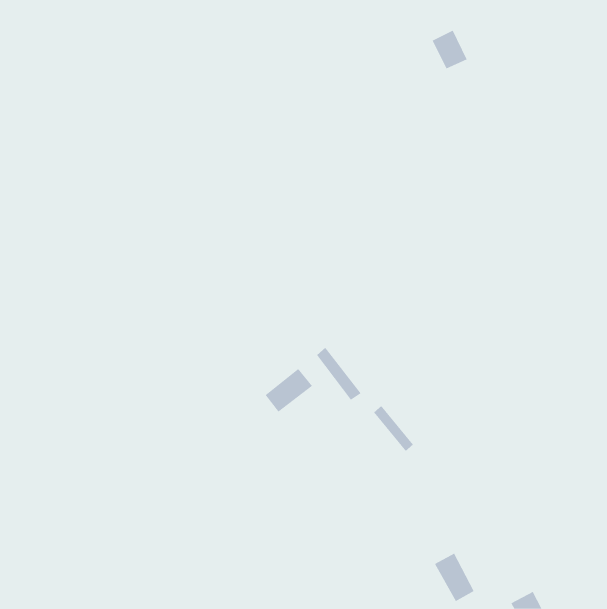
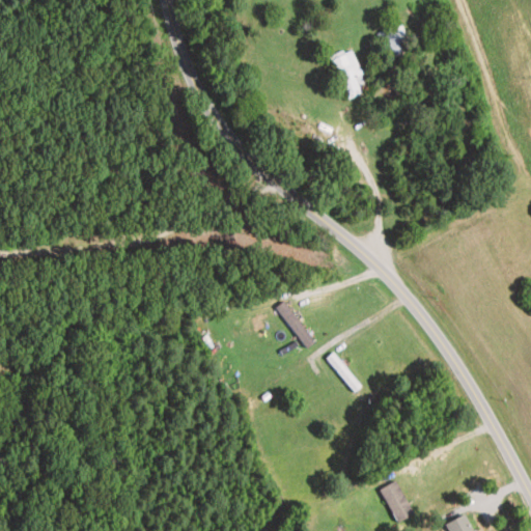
building: none -> [331,52,370,97]
building: [265,368,313,413] -> none

